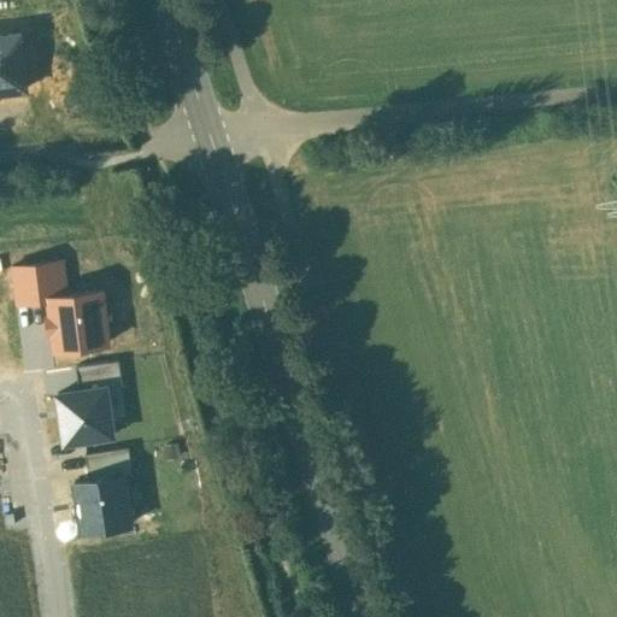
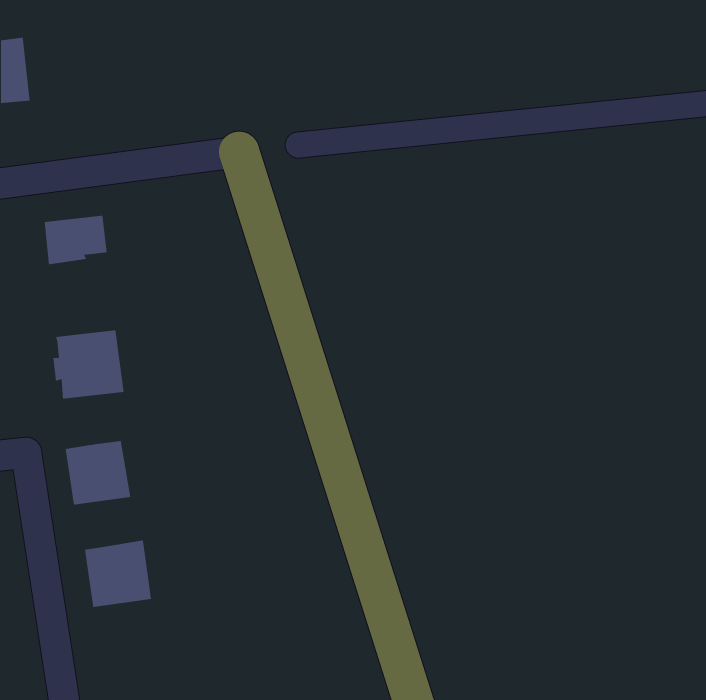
building: [12,264,67,307] -> [44,215,107,265]
building: [76,364,122,393] -> none
building: [86,451,131,482] -> none

